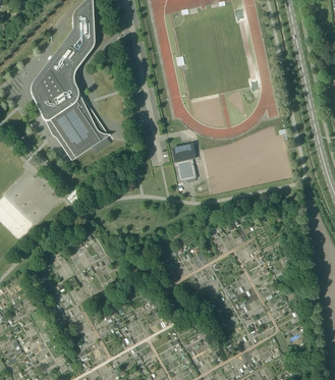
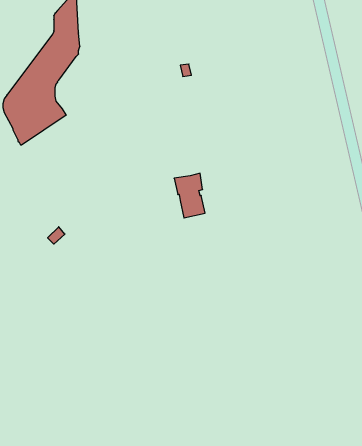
building: [46,97,110,160] -> none

